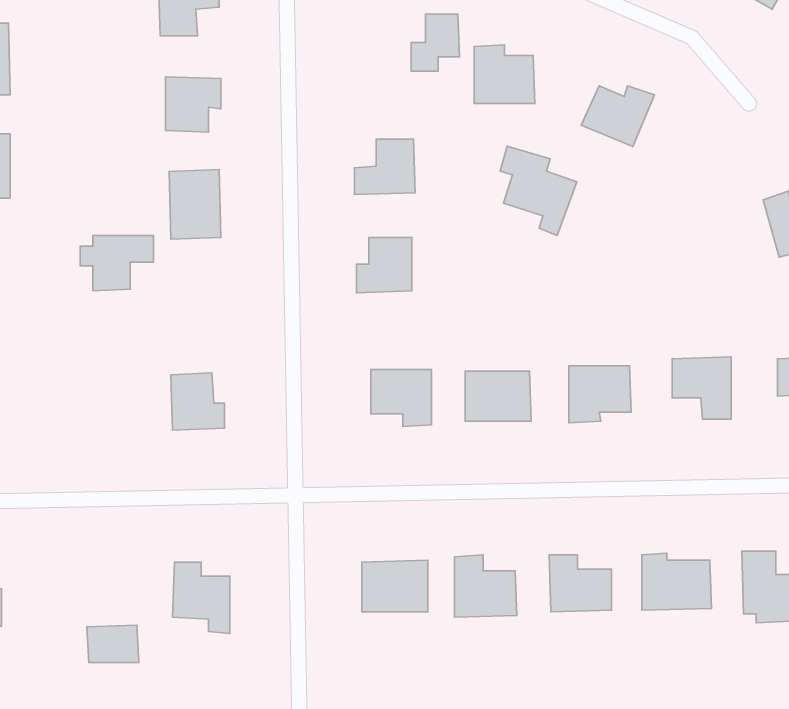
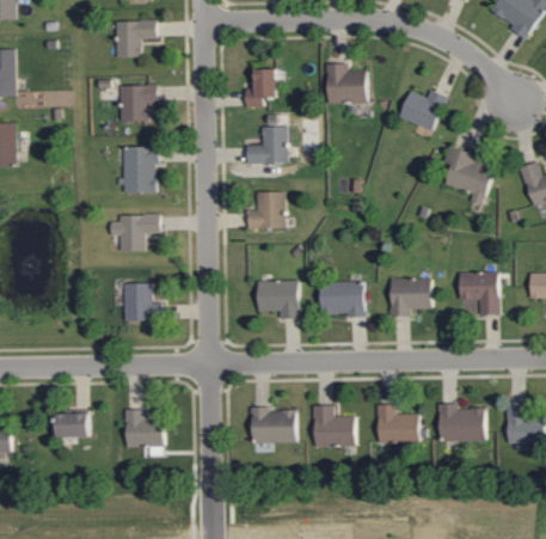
building: [411,14,459,71] -> [245,69,277,108]
building: [500,146,577,235] -> [442,146,493,206]
building: [80,236,153,291] -> [110,215,159,252]
building: [87,625,139,663] -> [55,412,90,437]

